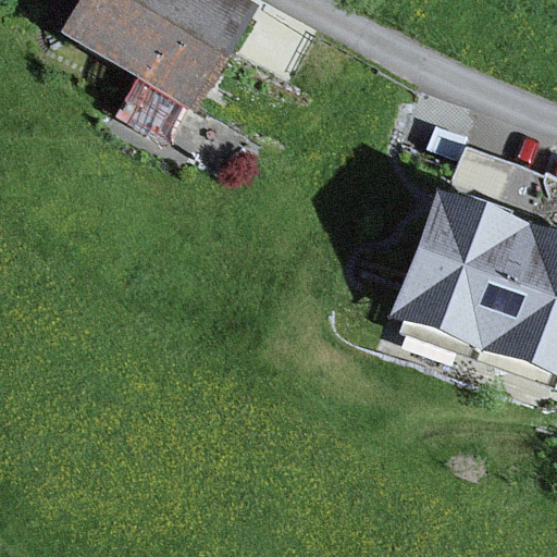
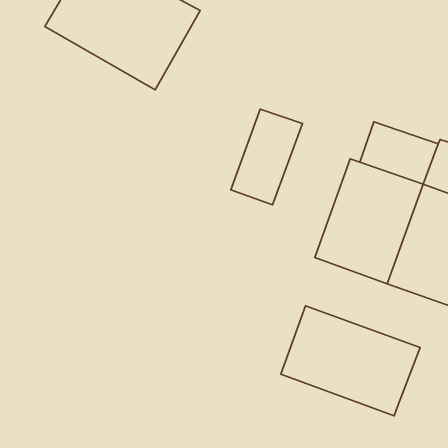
building: none -> [231,109,302,205]
building: none -> [281,306,420,416]

